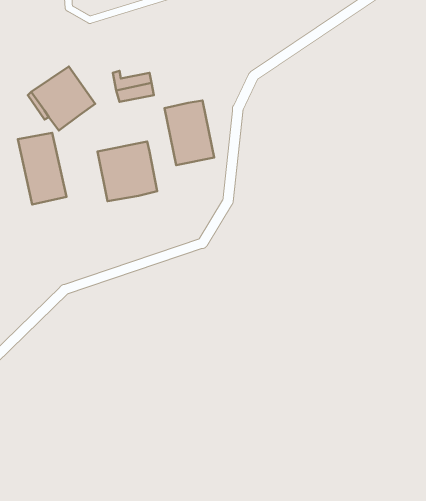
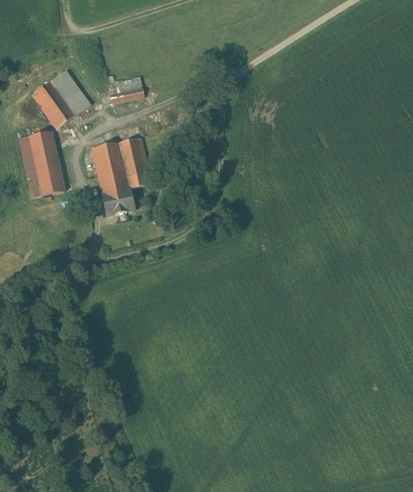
building: [165,101,214,165] -> none
building: none -> [101,188,134,216]

